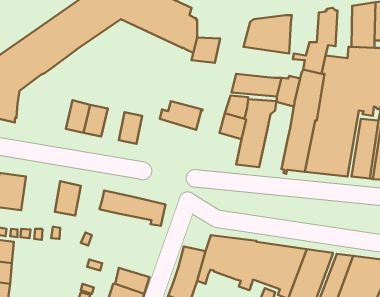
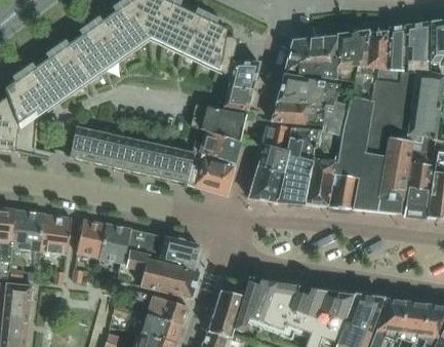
building: none -> [375,26,405,83]
building: none -> [335,30,368,80]
building: none -> [277,74,339,106]
building: none -> [224,85,253,109]
building: none -> [191,104,247,140]
building: none -> [70,125,96,161]
building: none -> [128,139,154,174]
building: none -> [167,147,194,183]
building: none -> [302,156,336,205]
building: none -> [194,158,233,193]
building: none -> [249,165,283,200]
building: none -> [40,215,72,254]
building: none -> [99,224,131,262]
building: none -> [127,250,199,298]
building: none -> [134,291,188,324]

